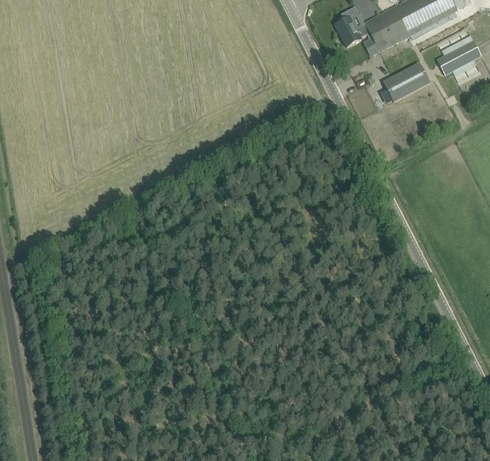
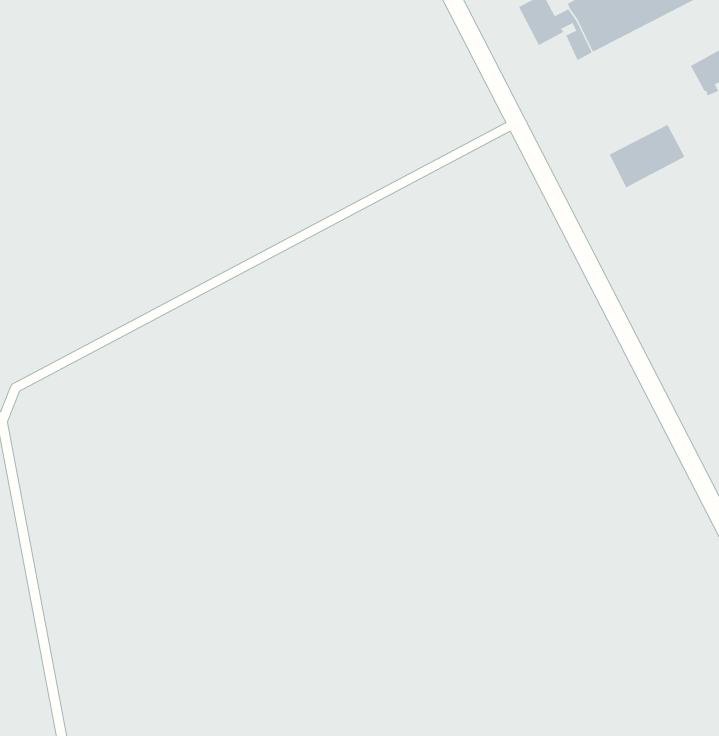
building: [384,63,430,101] -> [609,124,686,188]

